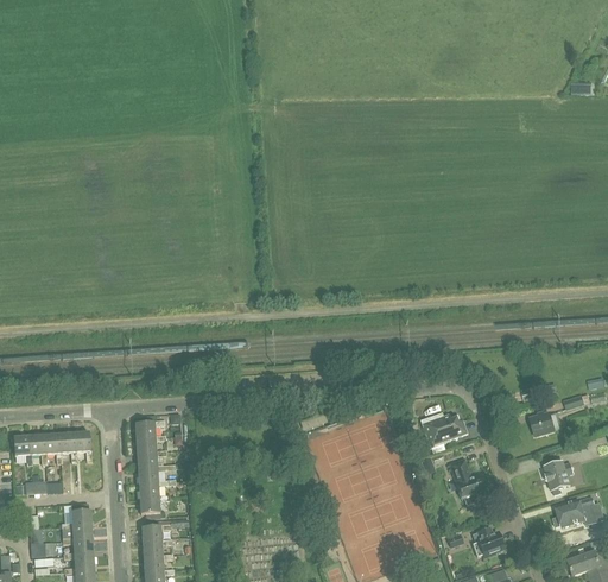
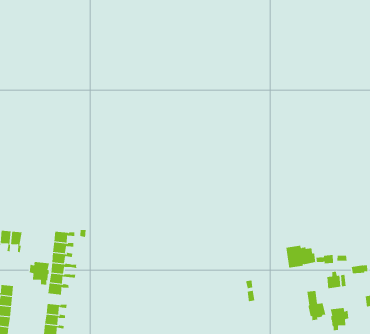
building: [420,411,468,447] -> [285,245,316,268]
building: [451,460,484,504] -> [307,291,326,321]
building: none -> [29,261,50,285]

